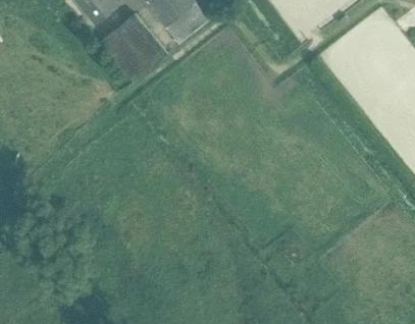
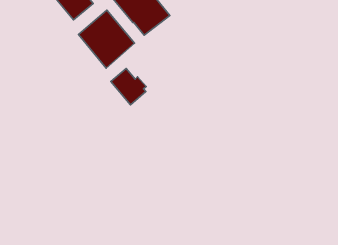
building: none -> [111,69,146,105]

